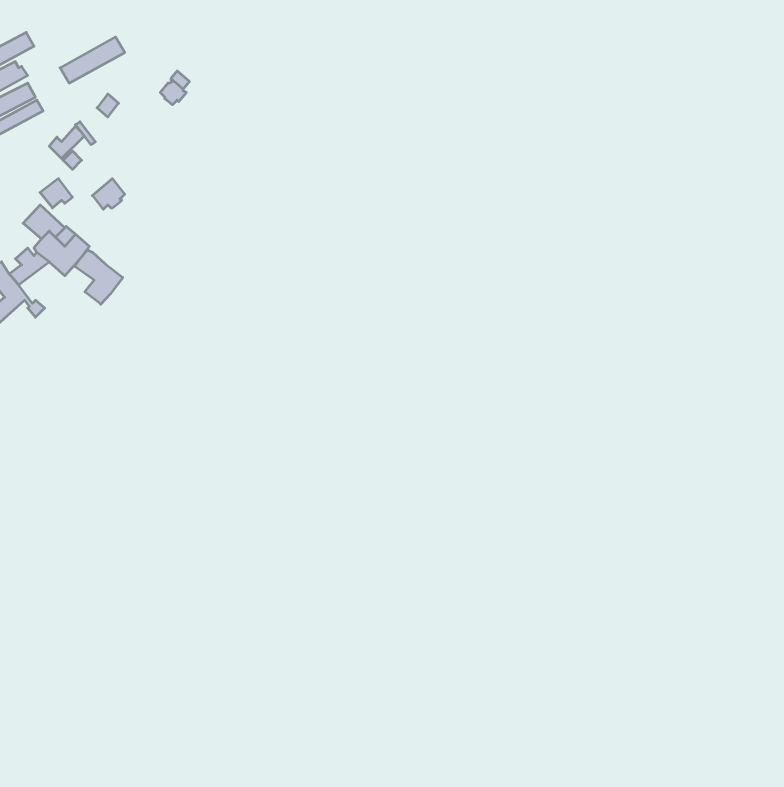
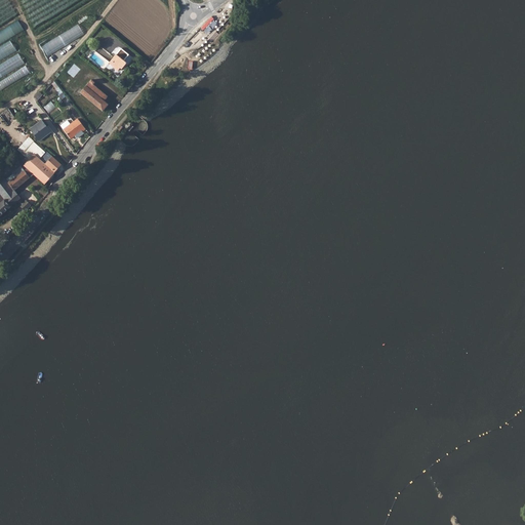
building: none -> [79,79,107,111]
building: [75,250,123,304] -> none

